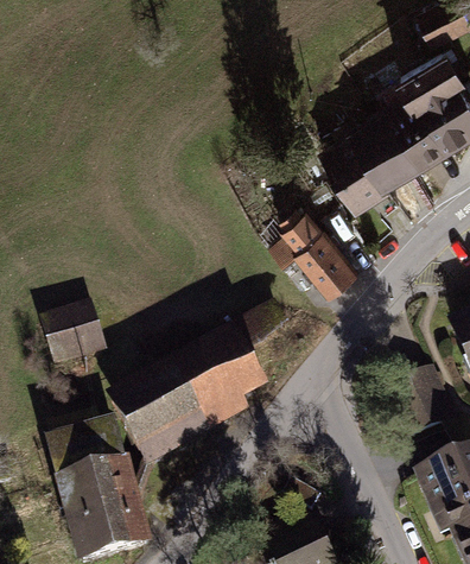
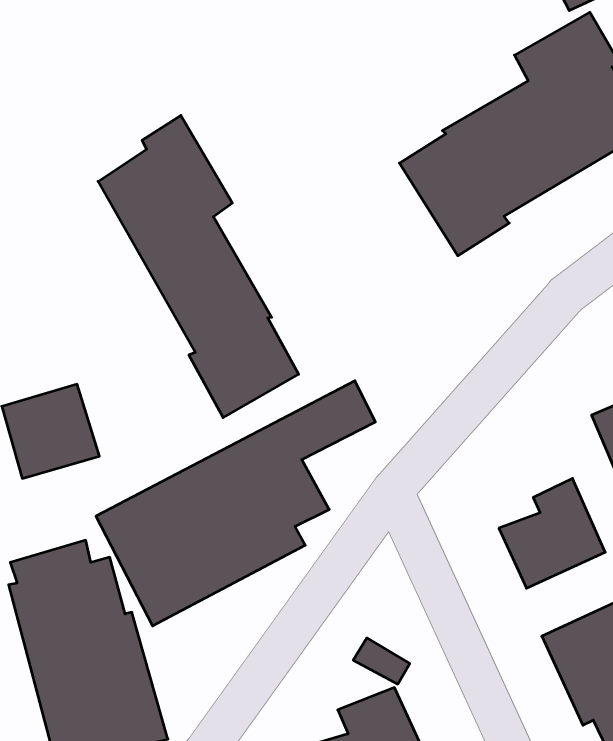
building: none -> [98,115,299,418]
building: [269,207,360,291] -> none

